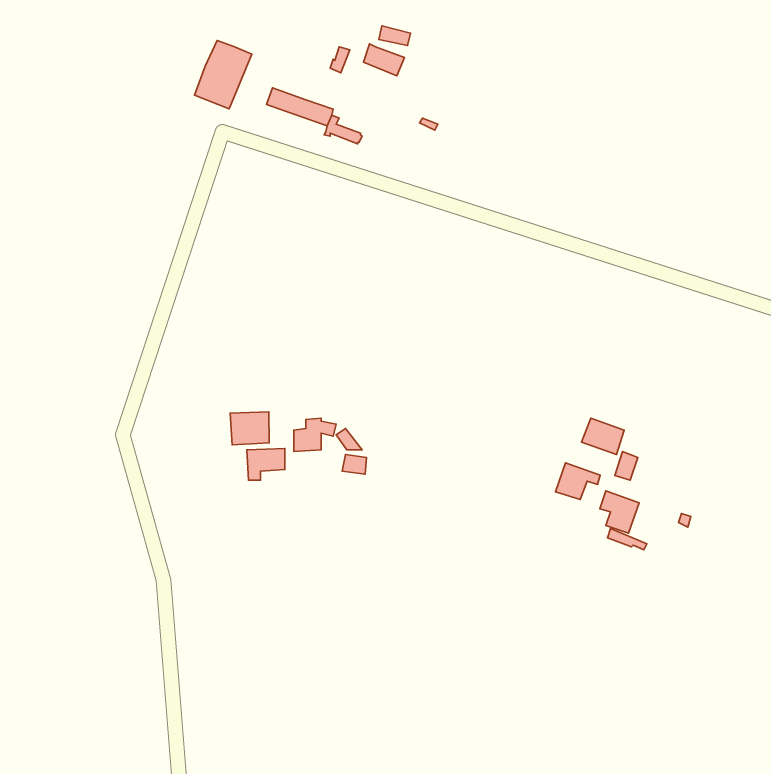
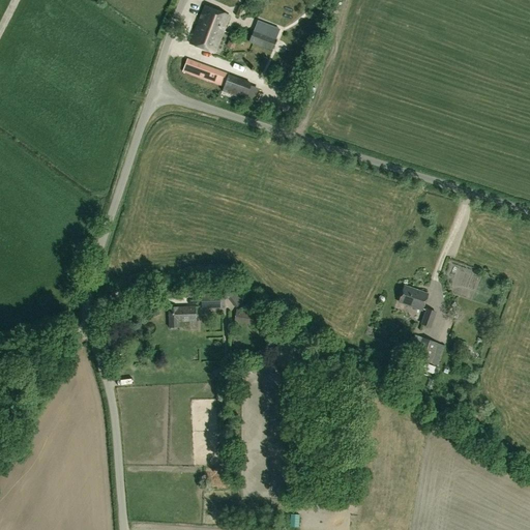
building: [194,41,252,109] -> [192,6,231,53]
building: [230,412,269,445] -> none
building: [555,463,600,500] -> none

